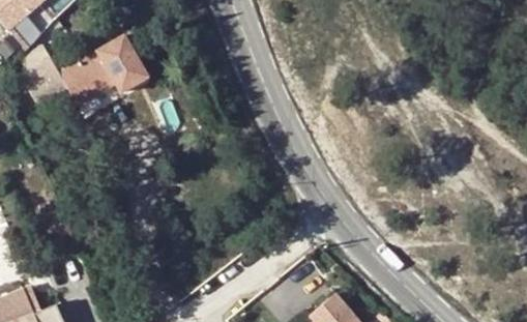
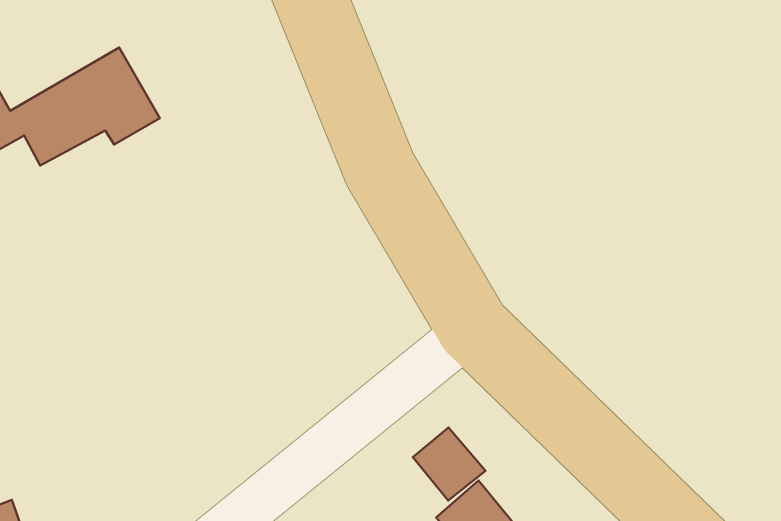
building: none -> [413,427,485,500]

